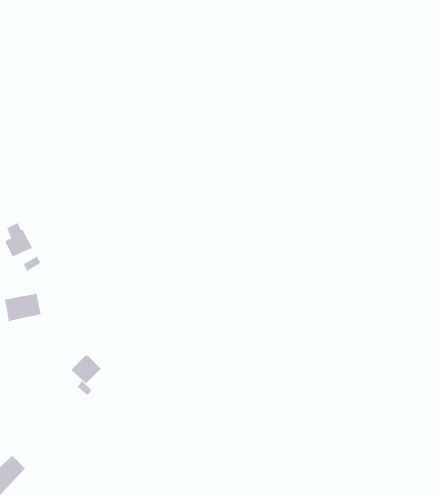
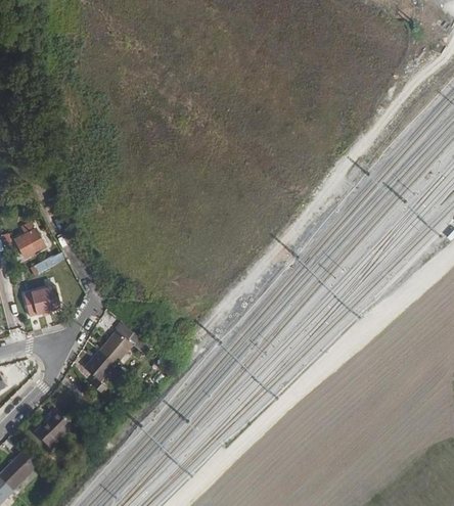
building: none -> [100,326,135,366]
building: none -> [35,407,73,446]

